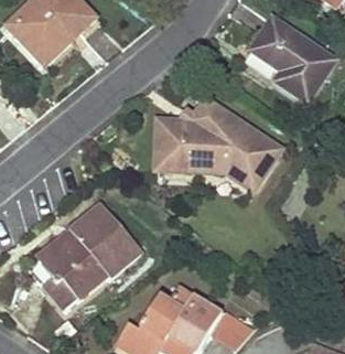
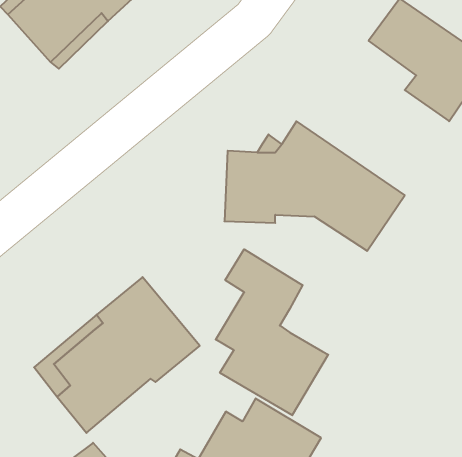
building: none -> [216,249,328,415]

